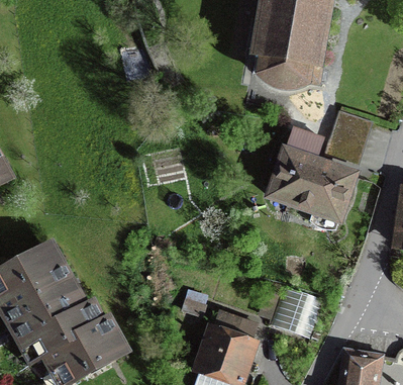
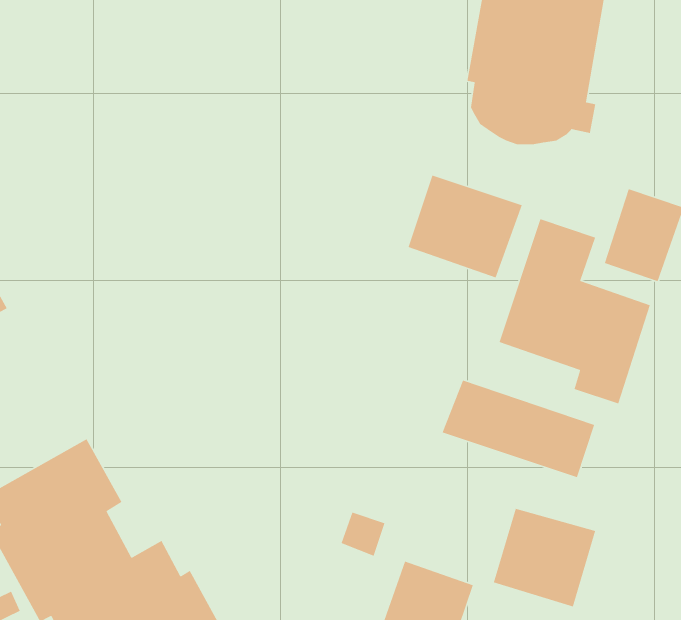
building: none -> [407,174,523,278]
building: none -> [442,380,595,478]

